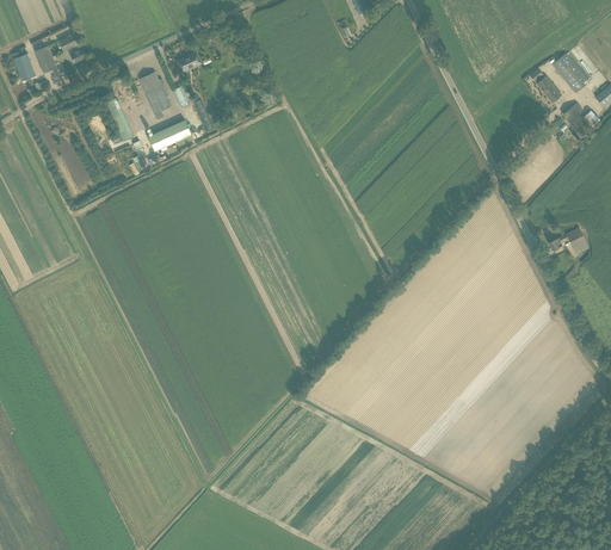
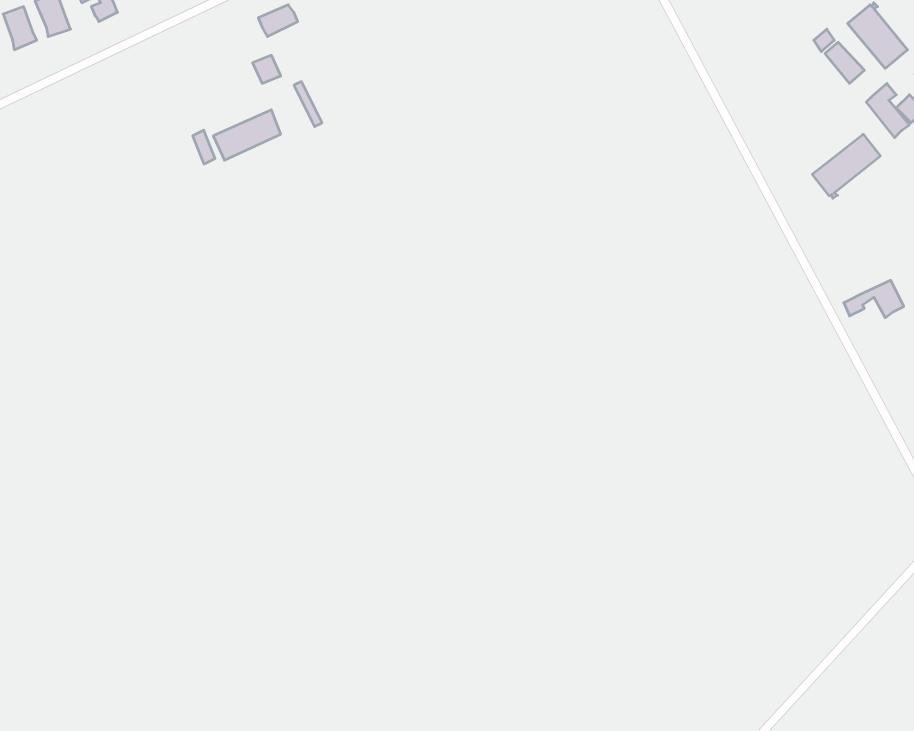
building: [138,70,169,118] -> none
building: none -> [812,134,880,198]

